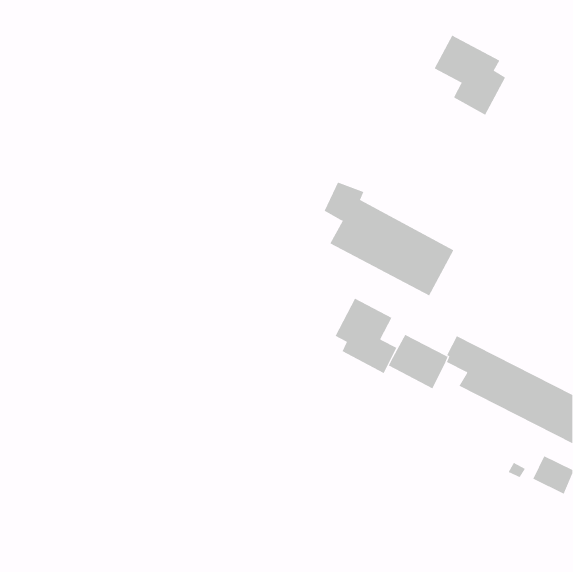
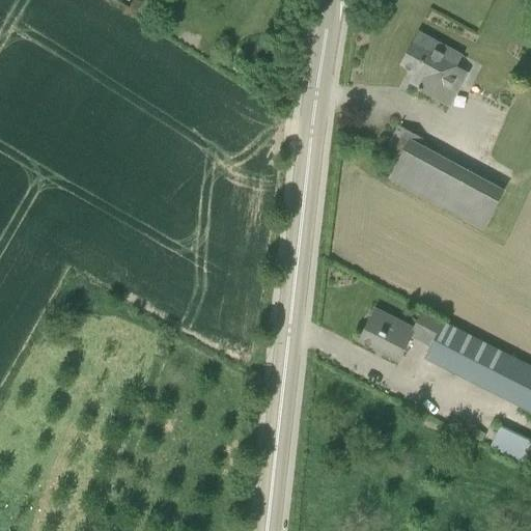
building: [324,182,454,296] -> [385,127,505,232]
building: [335,298,397,374] -> none

